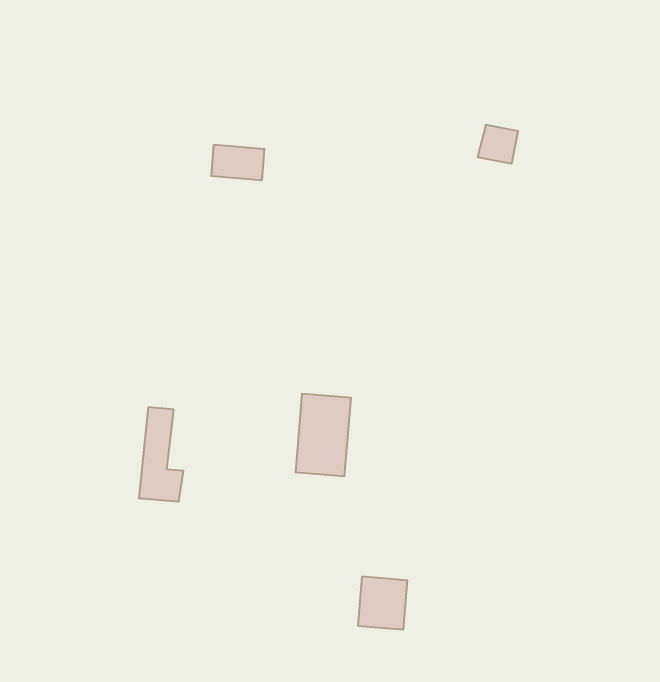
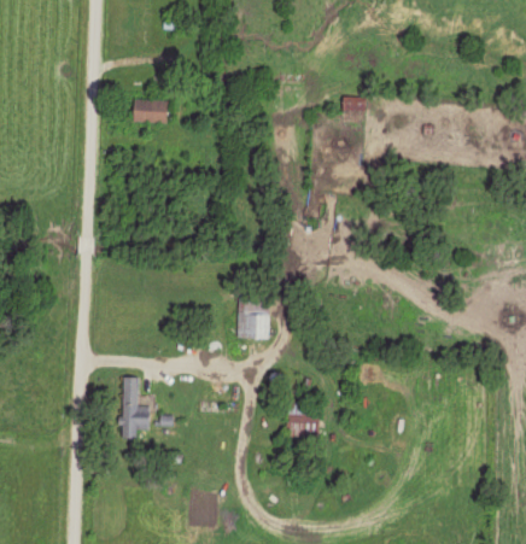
building: [211,145,265,180] -> [134,100,168,121]
building: [139,407,183,502] -> [121,376,148,437]

